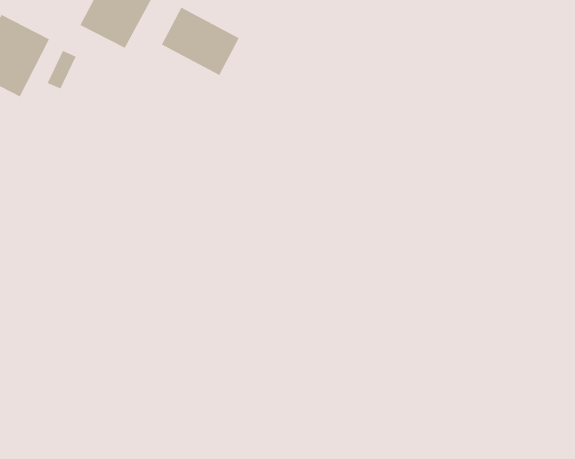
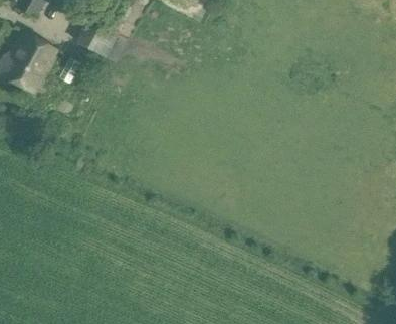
building: [161,7,239,76] -> none

